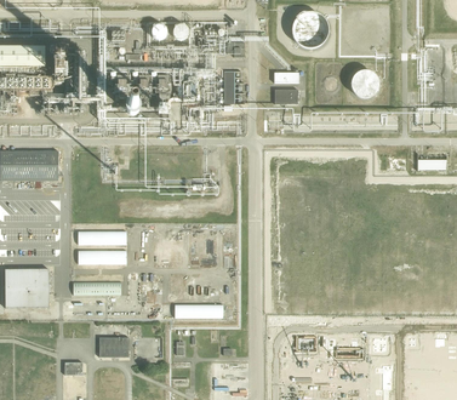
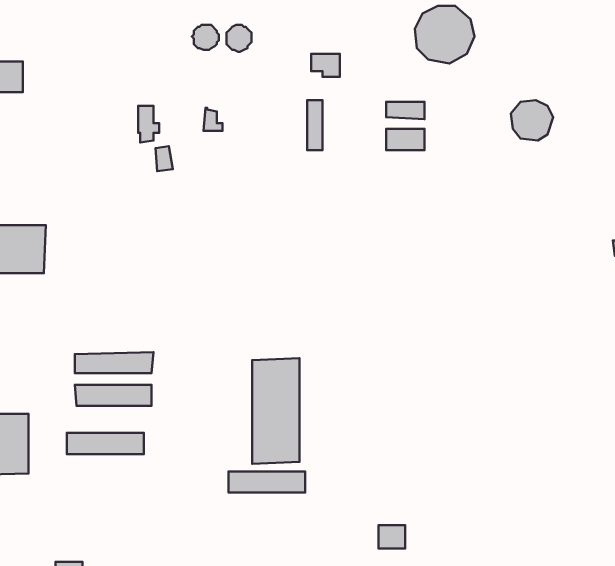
building: none -> [252,358,299,464]
building: [98,336,127,356] -> none

